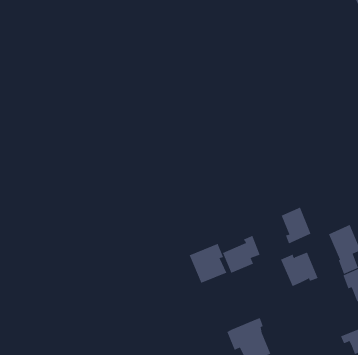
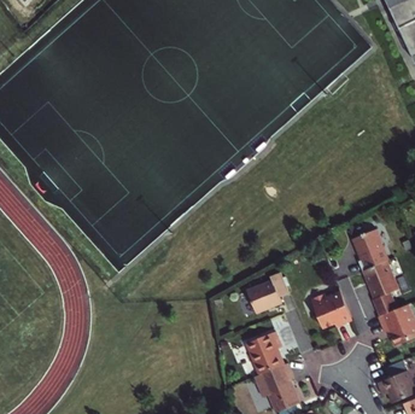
building: [281,207,312,244] -> [353,229,387,270]
building: [189,243,227,284] -> [241,331,284,375]

